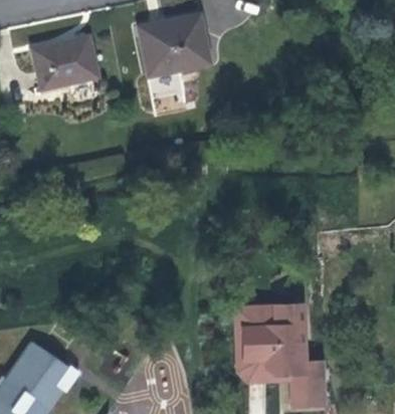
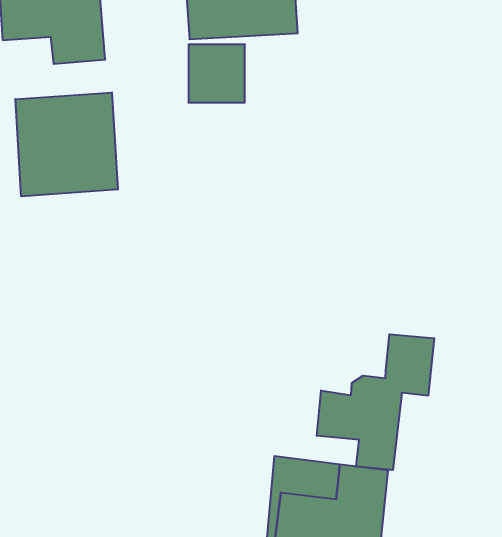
building: none -> [15,92,118,196]
building: none -> [317,334,434,470]

